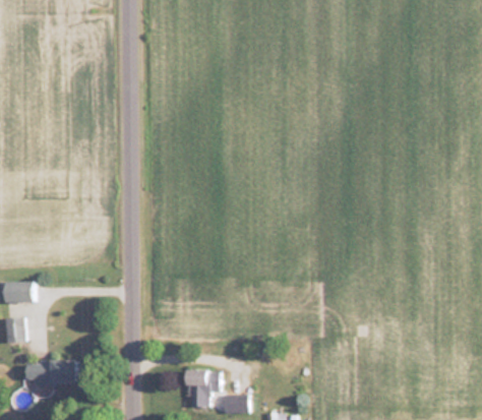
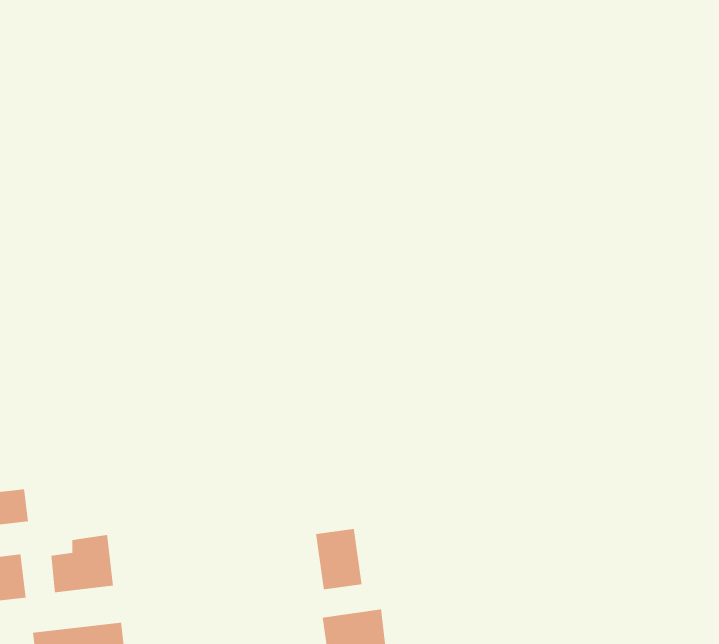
building: none -> [51,534,113,593]
building: none -> [316,528,362,590]

